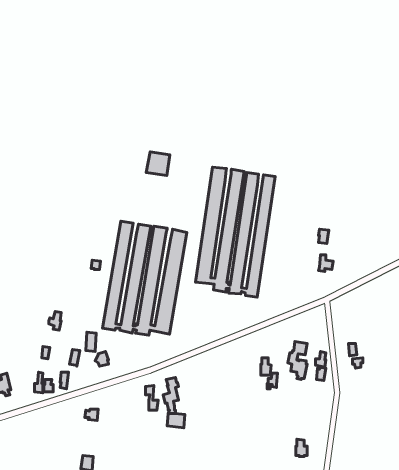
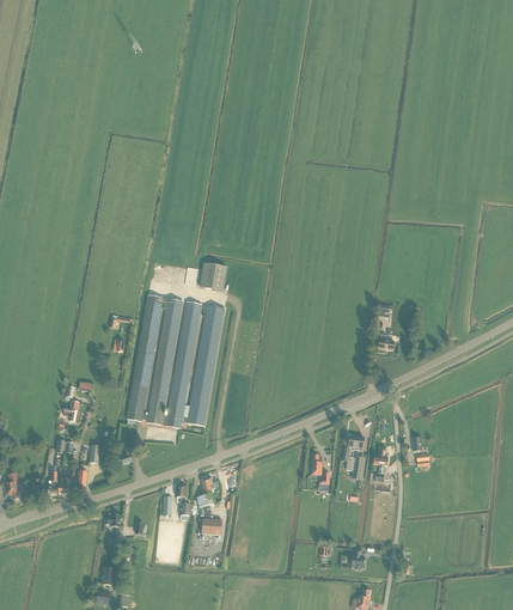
building: [146,152,170,176] -> [200,262,227,289]
building: [195,167,275,297] -> none

